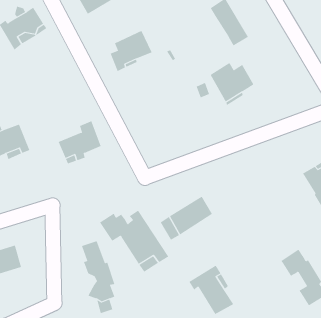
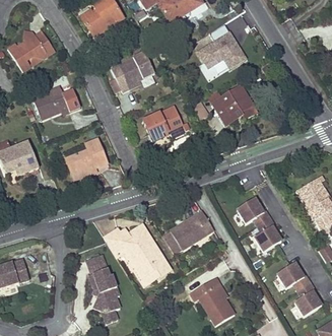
building: none -> [197,40,226,69]
building: none -> [31,86,79,119]
building: none -> [142,107,182,141]
building: none -> [237,198,281,252]

